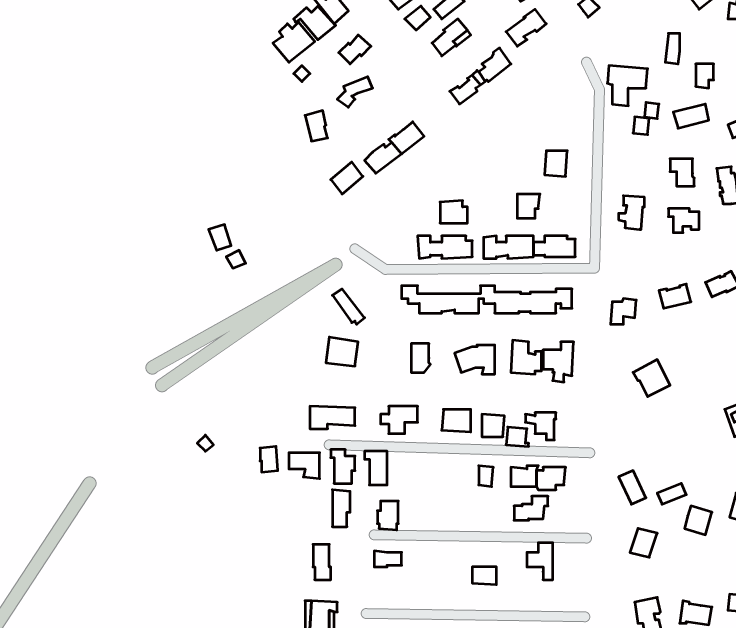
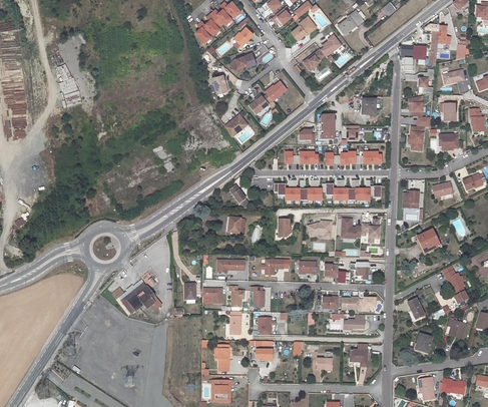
building: none -> [407,96,430,128]
building: none -> [319,115,334,142]
building: none -> [442,266,468,304]
building: none -> [120,282,154,314]

